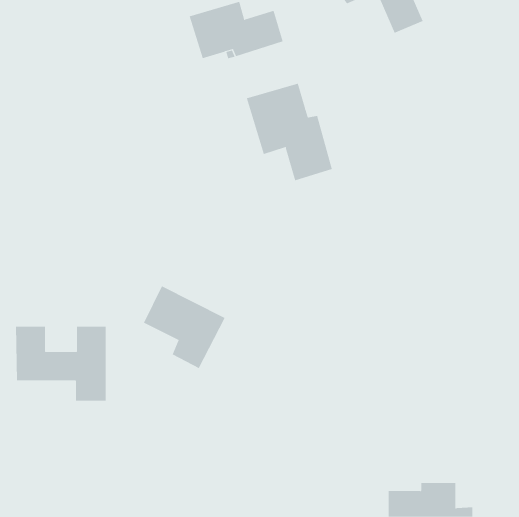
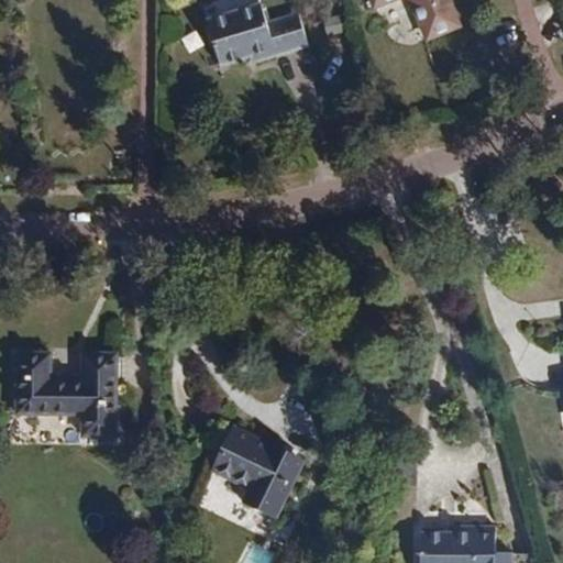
building: [246,83,333,181] -> none
building: [143,285,226,369] -> [213,427,302,517]

